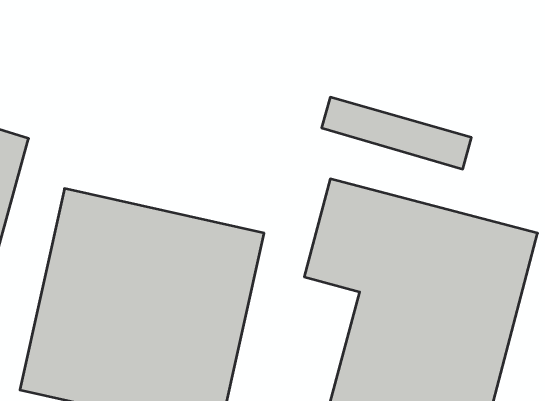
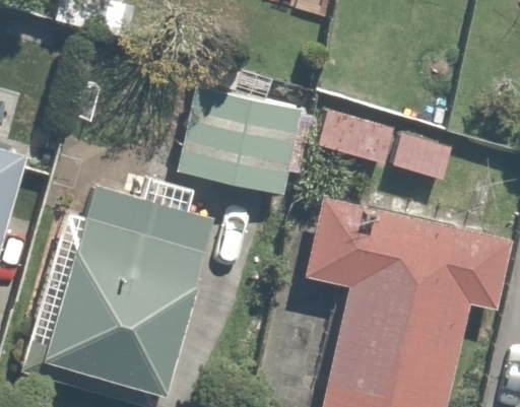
building: none -> [168,77,303,187]

